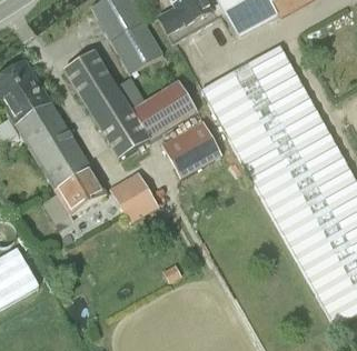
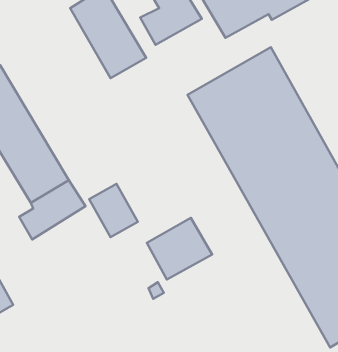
building: [63,51,198,160] -> none
building: [161,121,222,179] -> [147,218,212,280]

